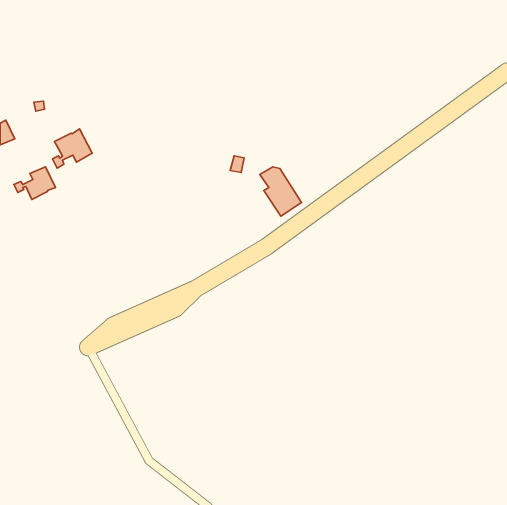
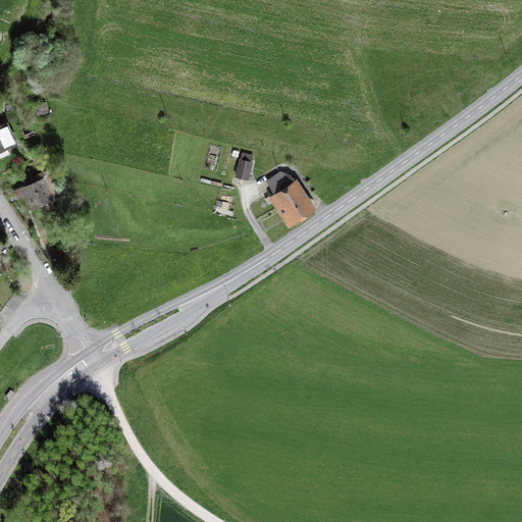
building: [52,129,92,168] -> none

